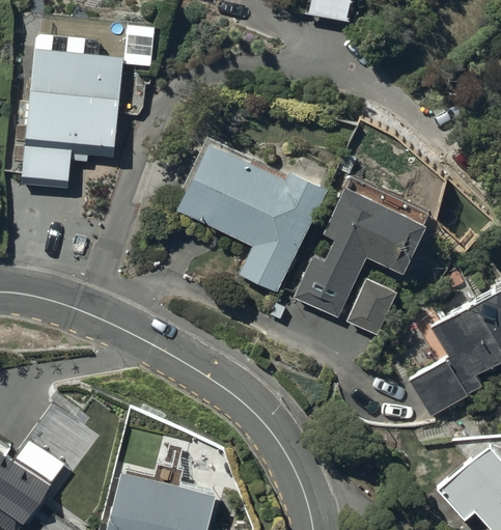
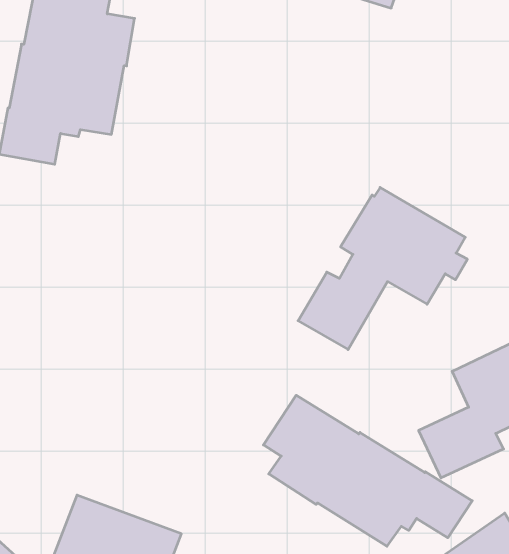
building: [175,138,327,294] -> none
building: [345,278,397,337] -> none
building: none -> [263,395,472,546]

